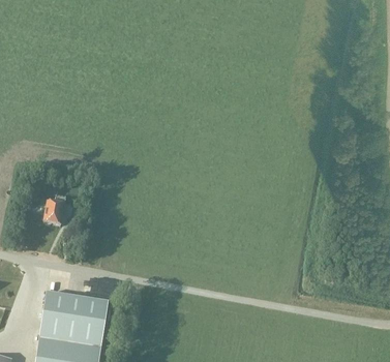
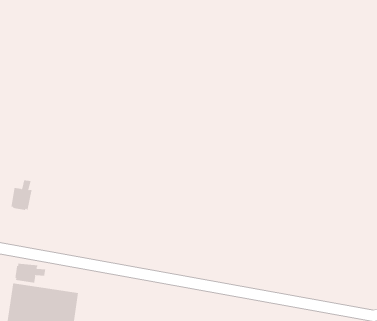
building: none -> [15,263,46,283]

